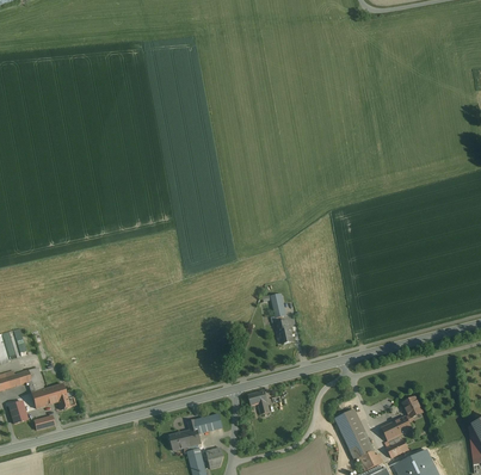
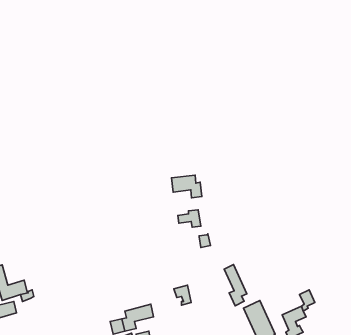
building: none -> [171,175,202,198]
building: none -> [224,265,247,306]

